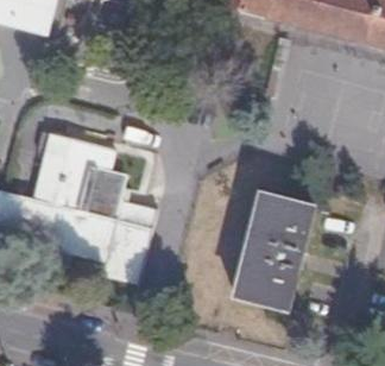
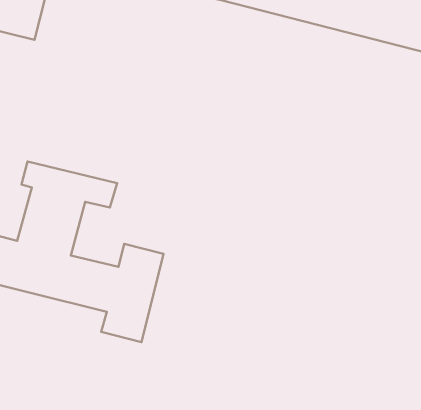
building: [81,168,131,221] -> none
building: [232,196,311,315] -> none

